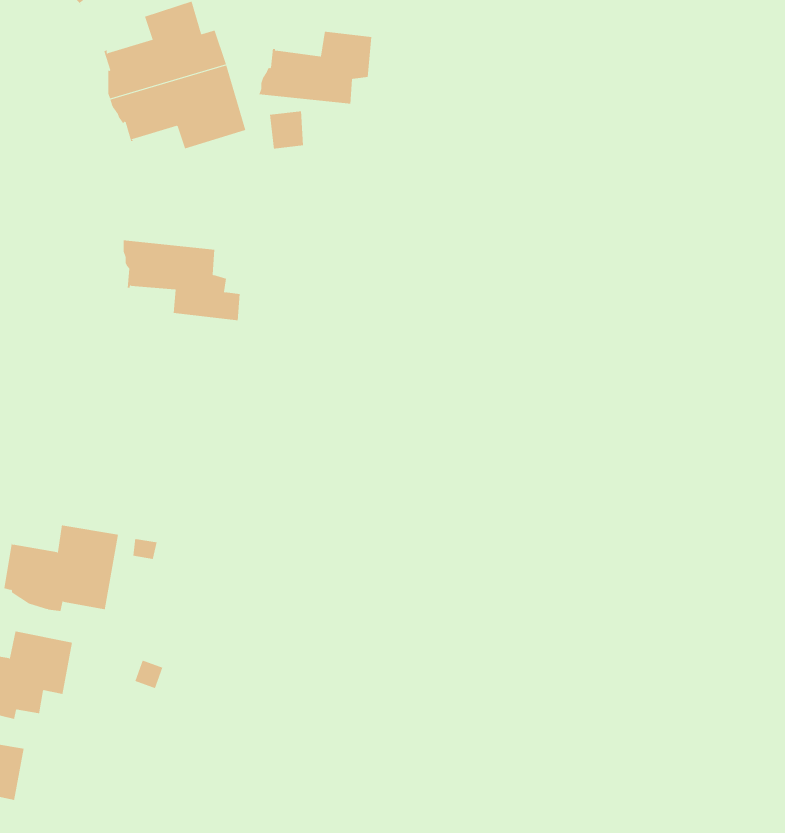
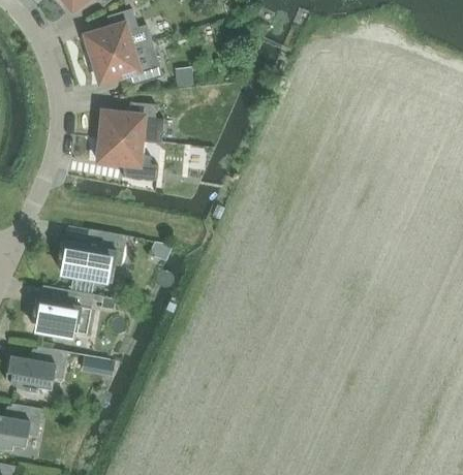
building: [259,31,372,104] -> [94,102,155,141]
building: none -> [56,229,125,283]

